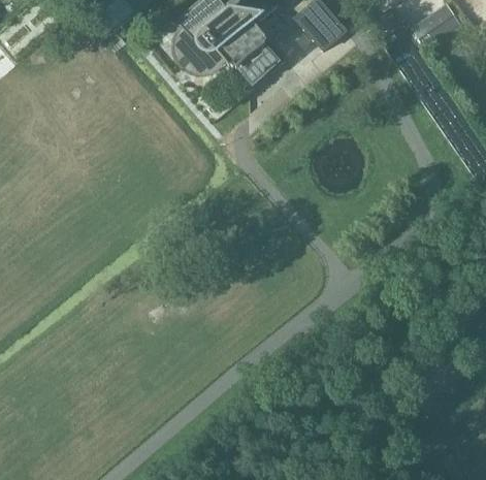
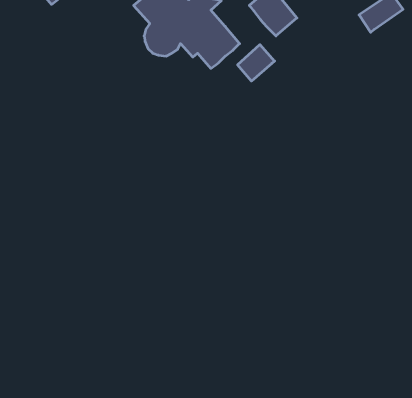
building: none -> [238,45,275,81]

